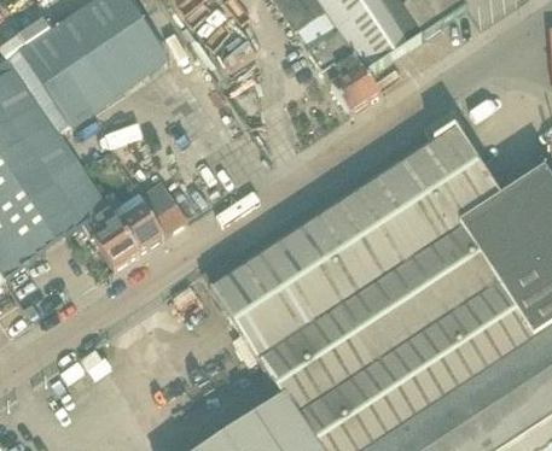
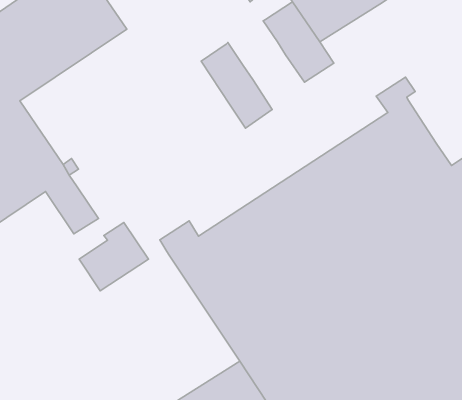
building: none -> [201,43,272,128]
building: [117,180,188,250] -> [79,223,149,291]

